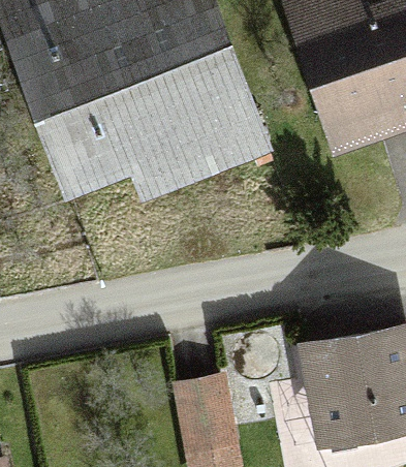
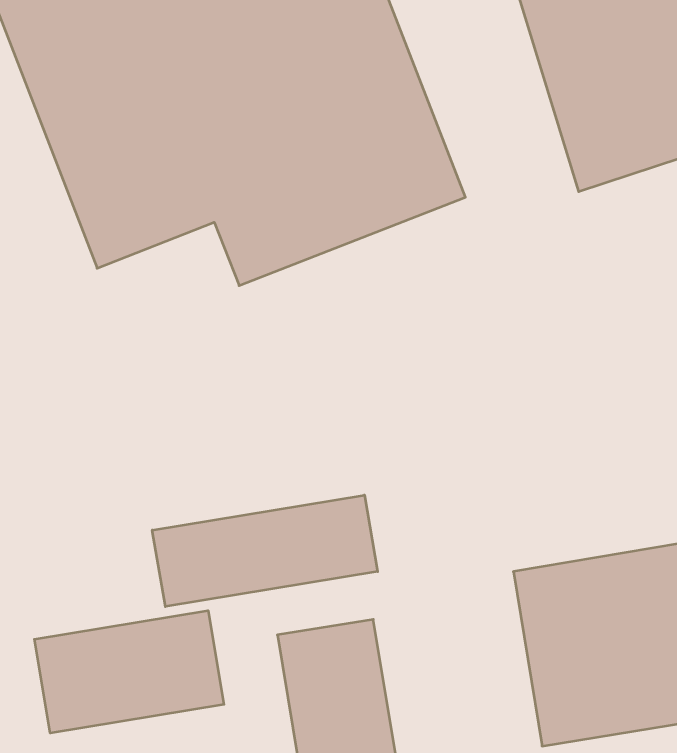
building: none -> [152,495,378,607]
building: none -> [34,611,224,733]

